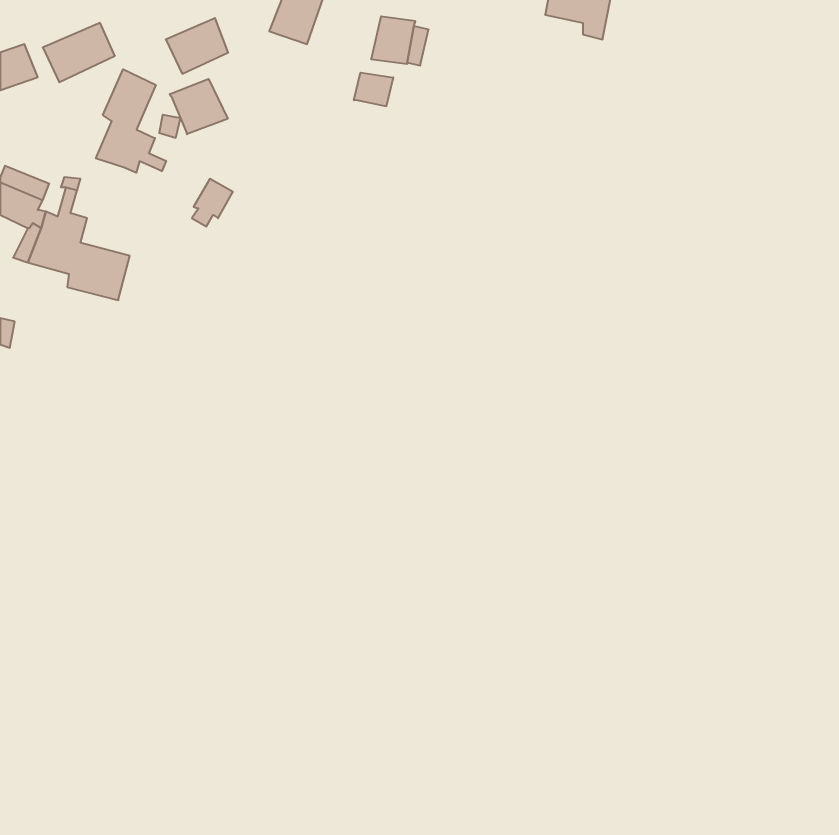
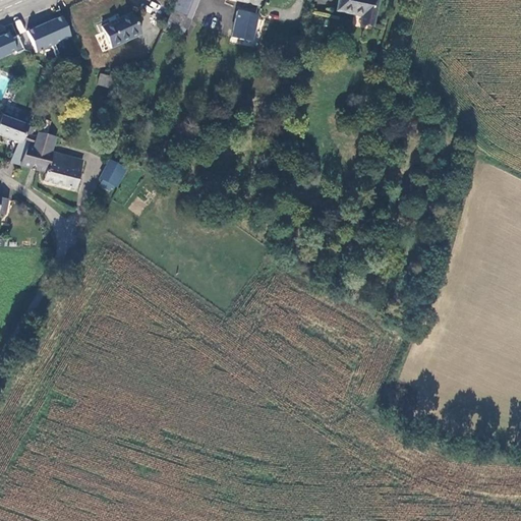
building: [96,69,166,173] -> none
building: [354,73,393,106] -> none
building: [170,79,228,134] -> none
building: [192,179,233,226] -> [101,160,126,189]

